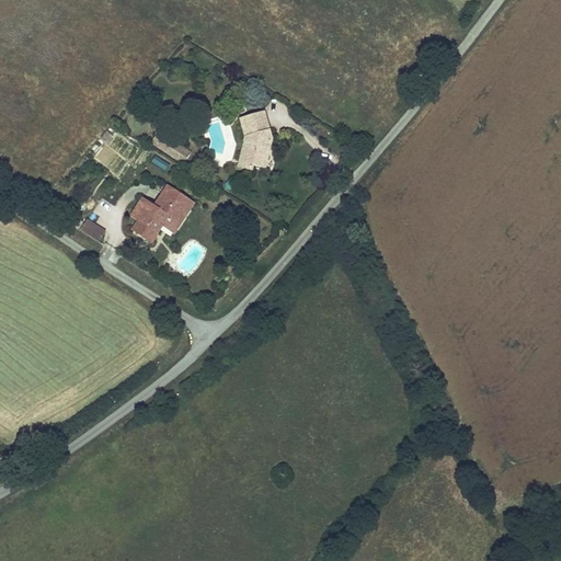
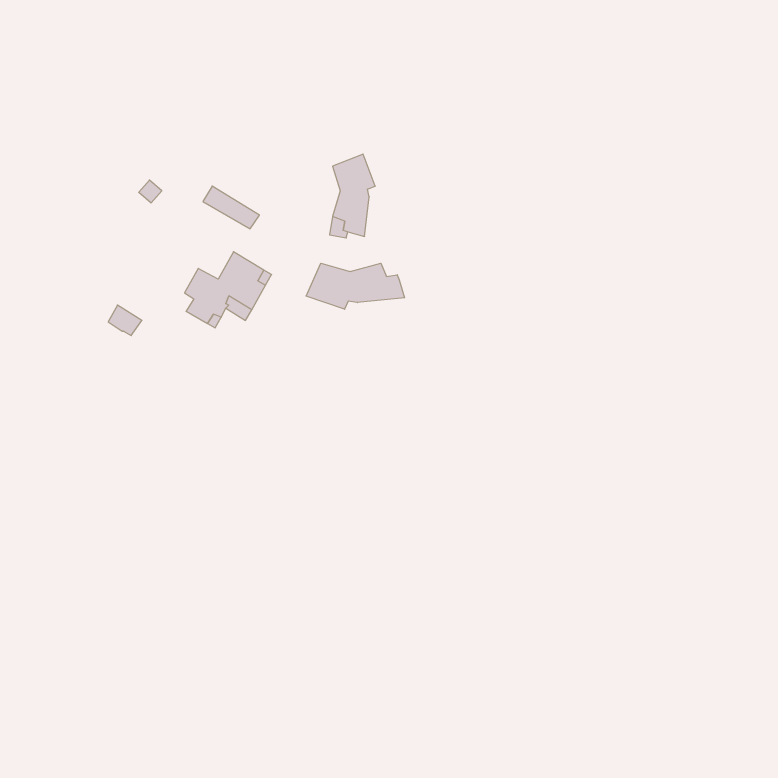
building: none -> [306,263,405,309]

